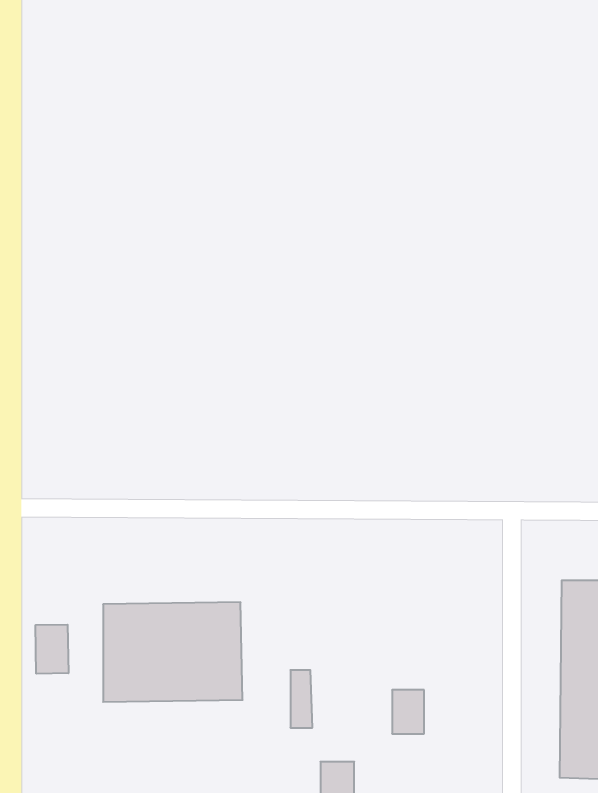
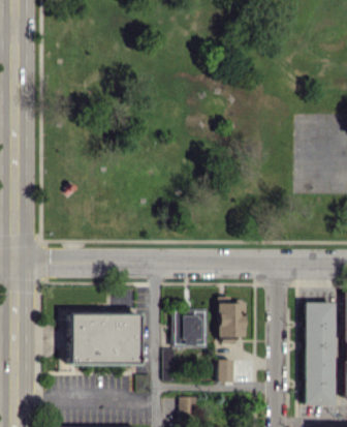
building: none -> [217,296,245,338]
building: none -> [175,311,206,346]
building: [36,625,68,674] -> none

